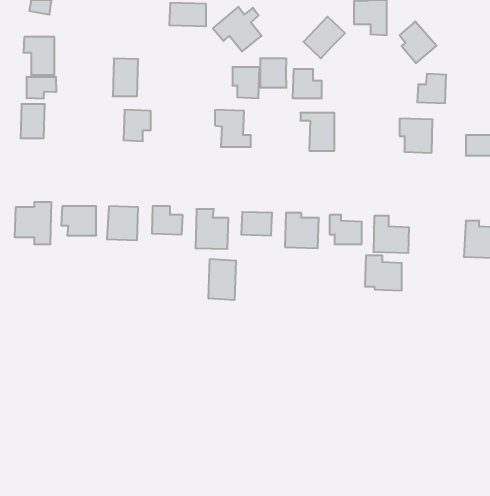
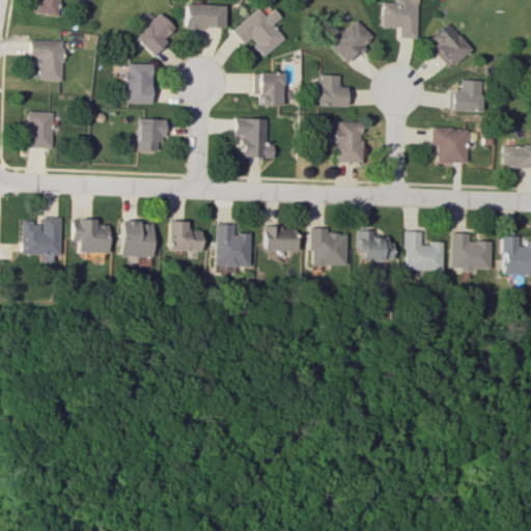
building: none -> [138,12,178,54]
building: [260,58,286,88] -> none
building: [27,77,56,99] -> none
building: [365,255,402,290] -> [451,233,491,271]
building: [209,259,236,300] -> none

